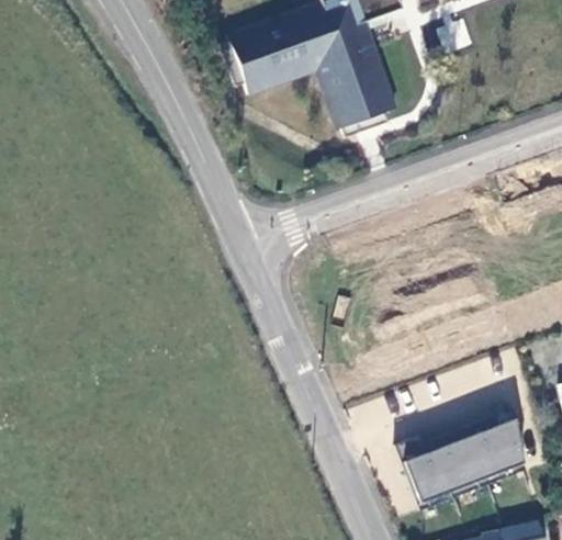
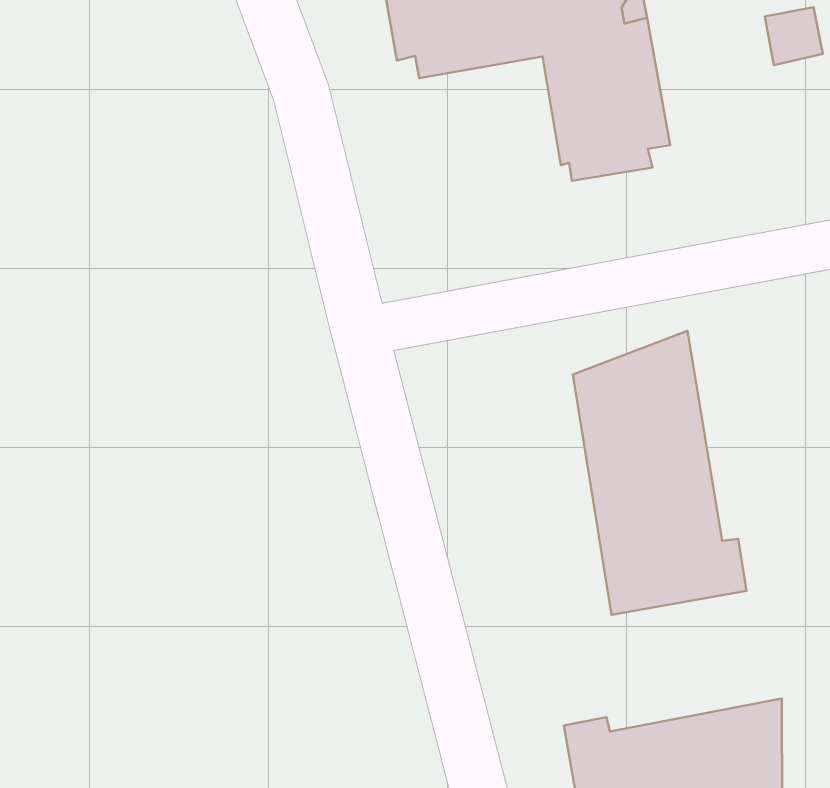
building: none -> [573,331,746,615]

